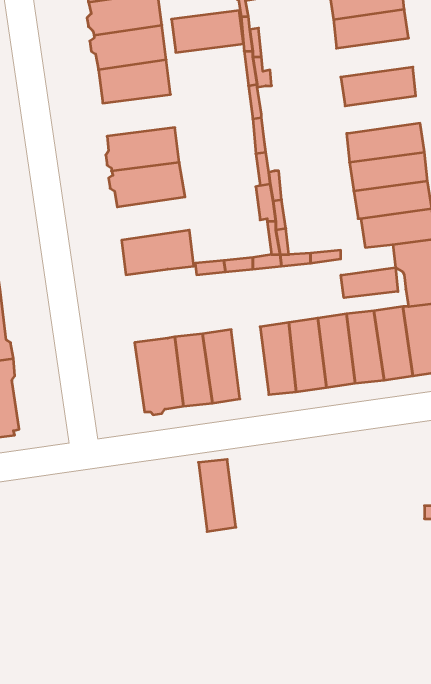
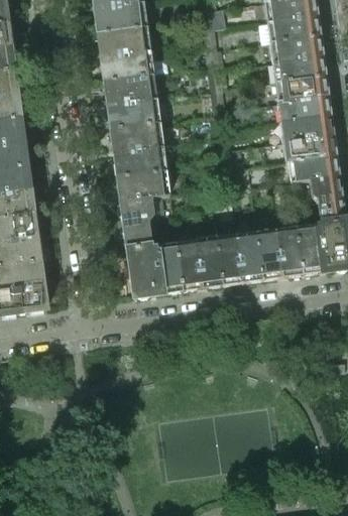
building: [171,11,244,52] -> [105,75,155,104]
building: none -> [268,35,322,62]
building: none -> [274,76,327,102]
building: none -> [115,146,165,176]
building: [341,268,398,298] -> none
building: none -> [120,197,153,248]
building: [198,459,236,532] -> [195,237,221,287]

